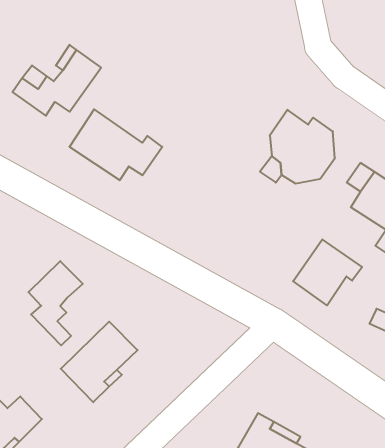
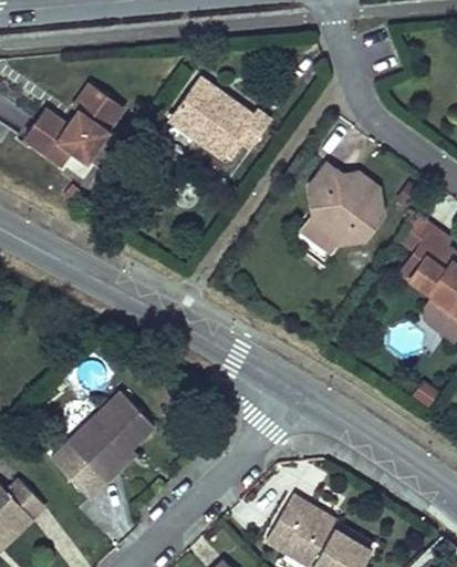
building: [69,109,162,180] -> [163,76,267,156]
building: [293,239,362,305] -> none
building: [28,261,83,345] -> none

